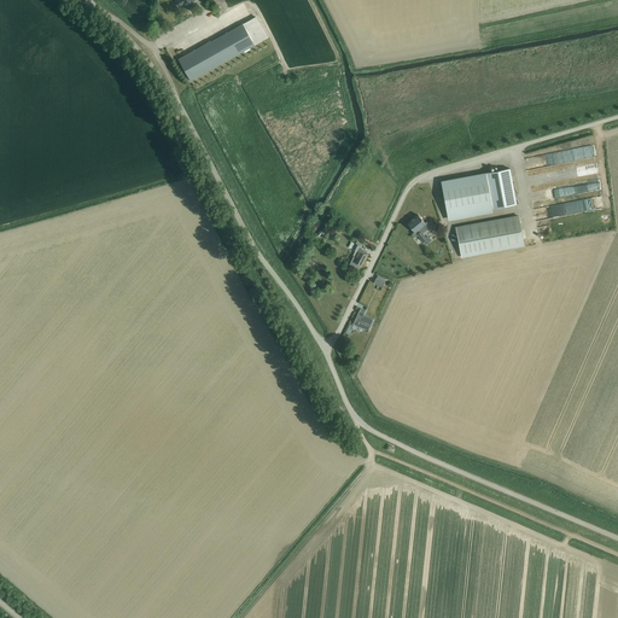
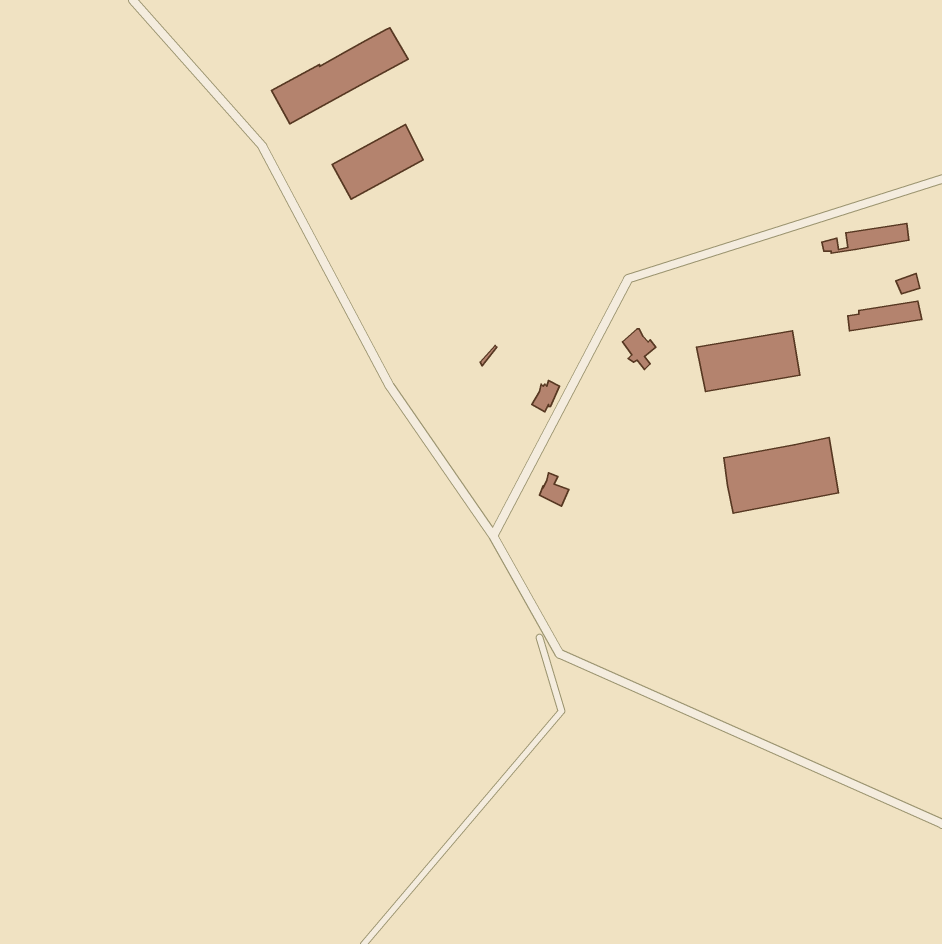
building: none -> [332,124,423,199]
building: [441,168,515,217] -> [724,437,838,513]

